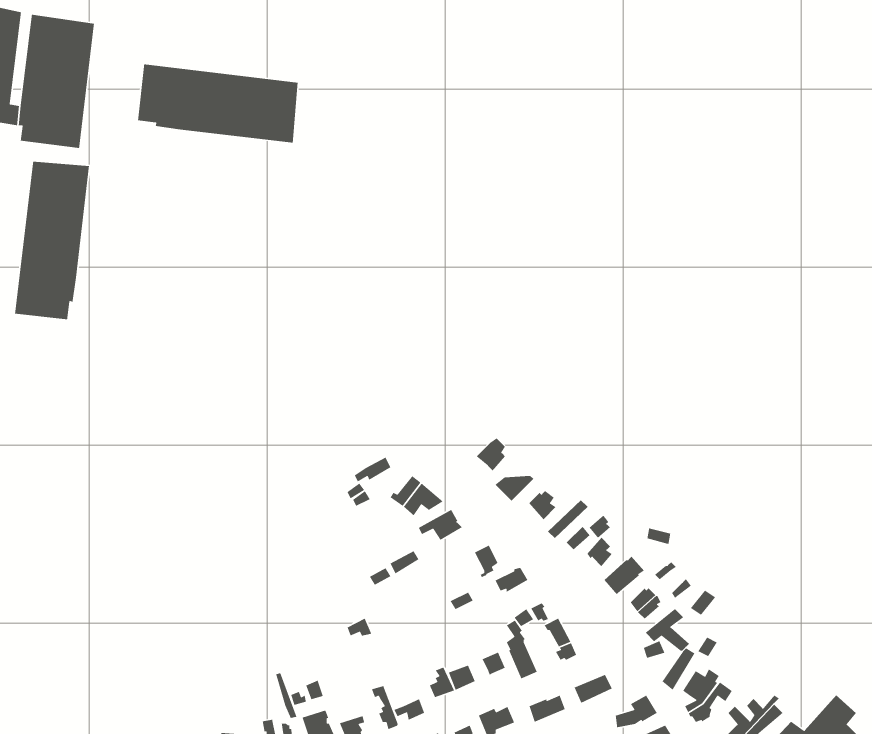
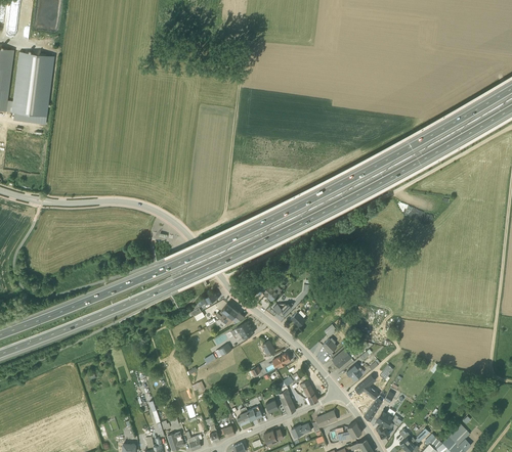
building: [137,64,299,143] -> none
building: [14,161,90,320] -> none

